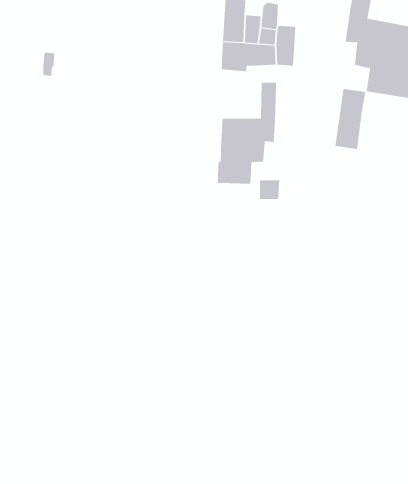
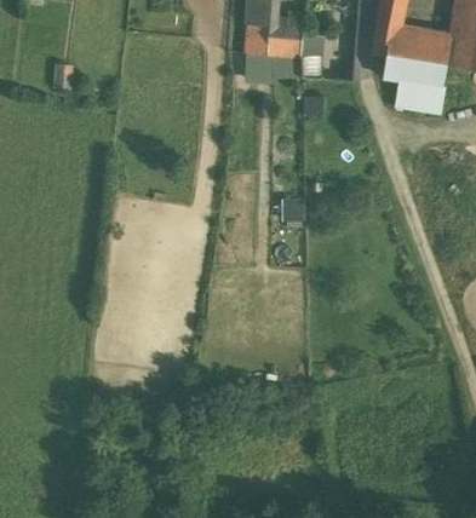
building: [217,82,276,185] -> none
building: [335,88,366,150] -> none

